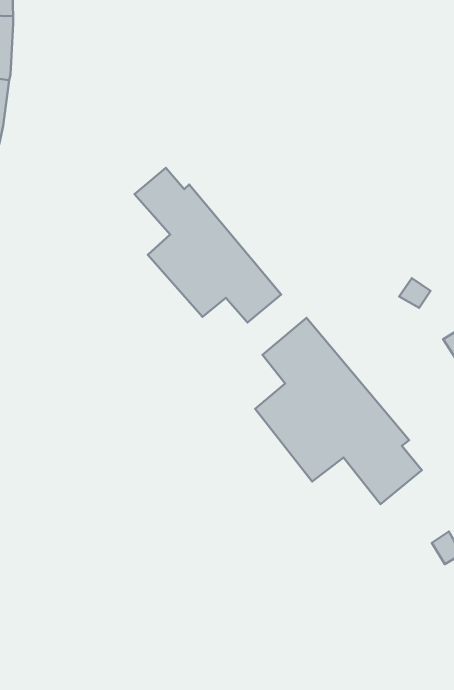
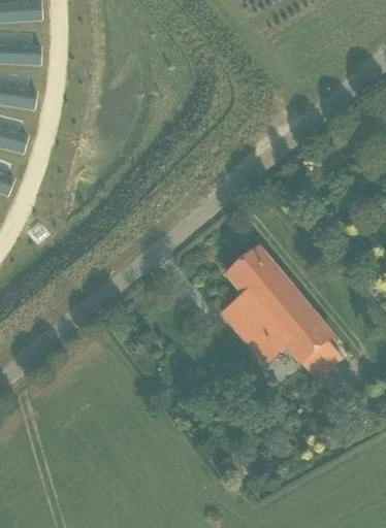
building: [135,168,281,323] -> none

